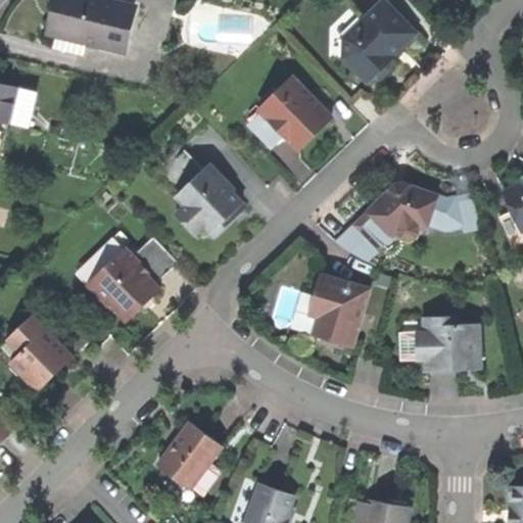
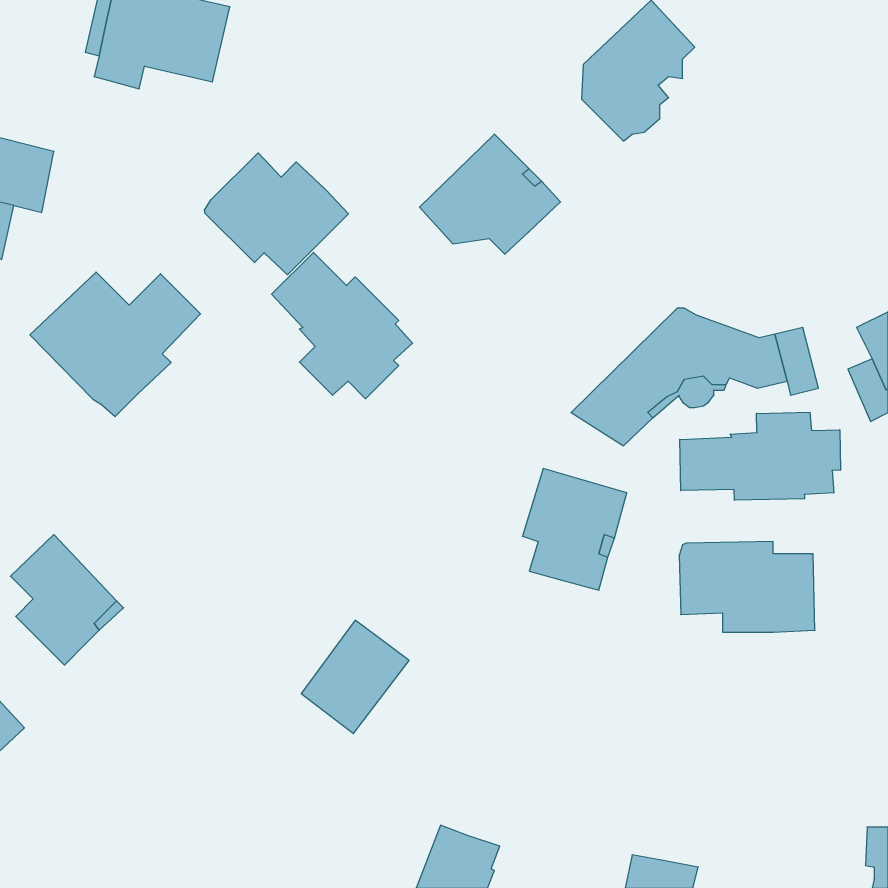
building: none -> [205,153,348,275]
building: [79,233,179,318] -> [30,272,201,417]
building: none -> [680,412,840,500]
building: [156,424,220,490] -> [301,620,409,734]

